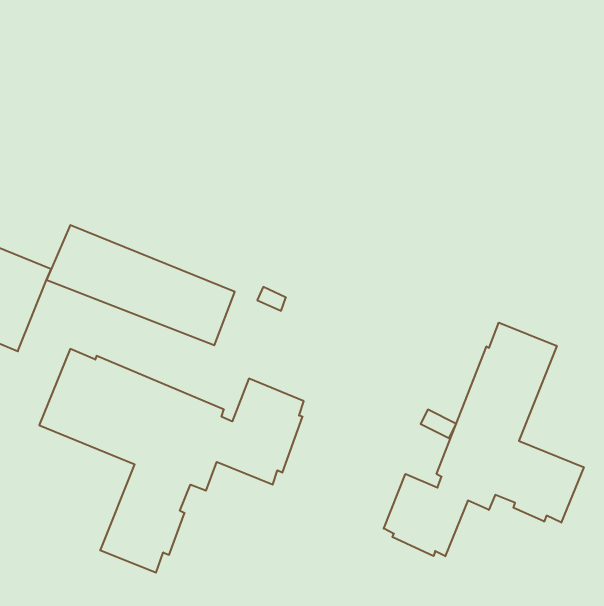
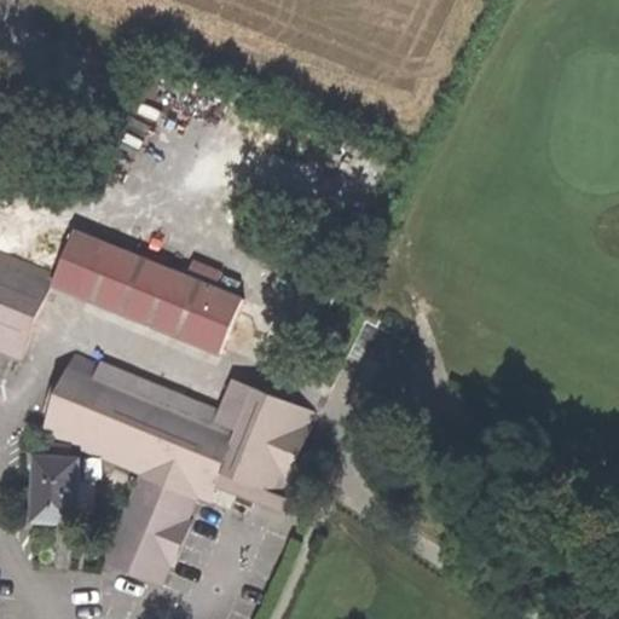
building: [384,323,584,556] -> none
building: none -> [29,453,75,521]

